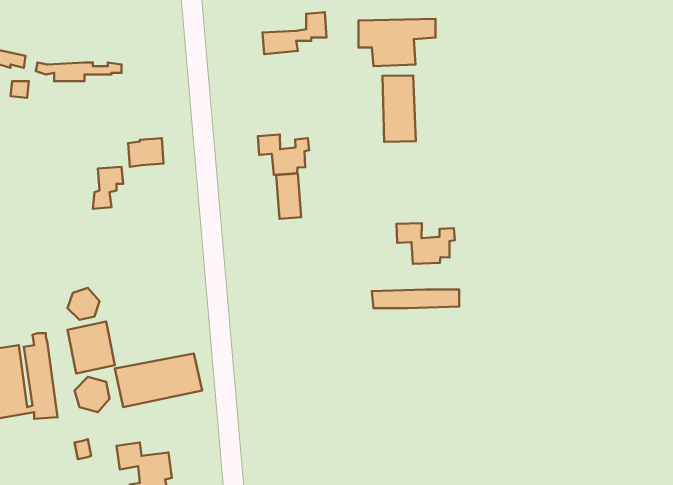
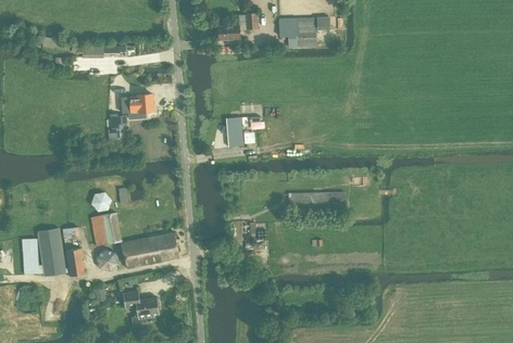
building: [383,76,416,142] -> none
building: [258,134,309,175] -> none
building: [397,223,455,264] -> none

